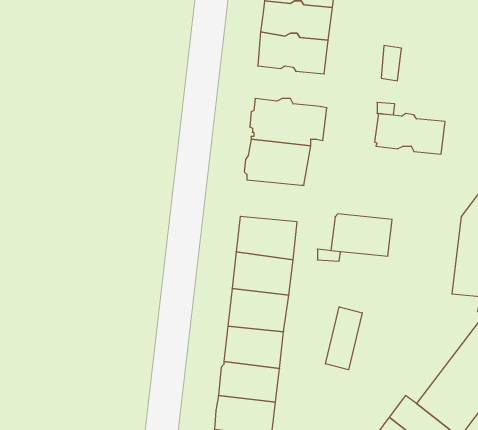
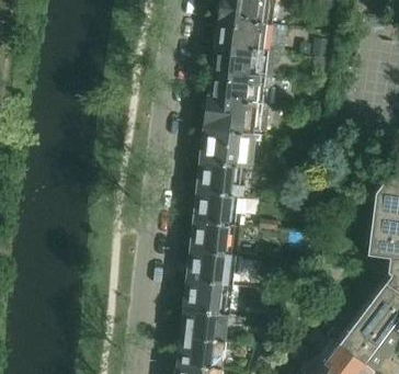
building: [375,113,445,154] -> [207,70,264,103]
building: [331,214,392,256] -> [196,162,246,196]
building: [326,307,362,370] -> none

